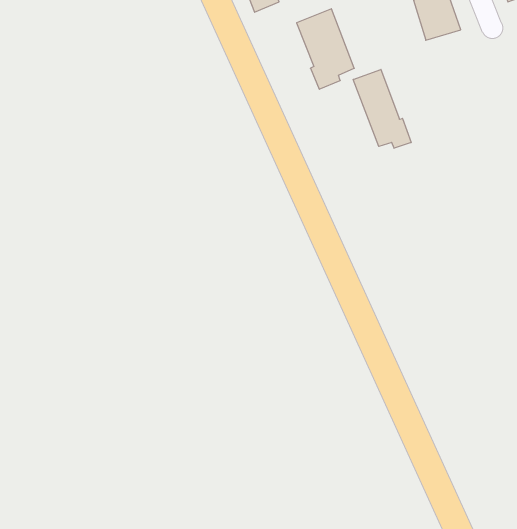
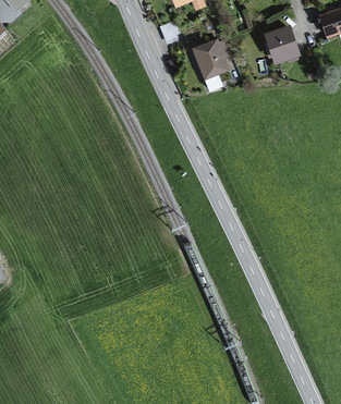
building: [353,69,411,148] -> none

